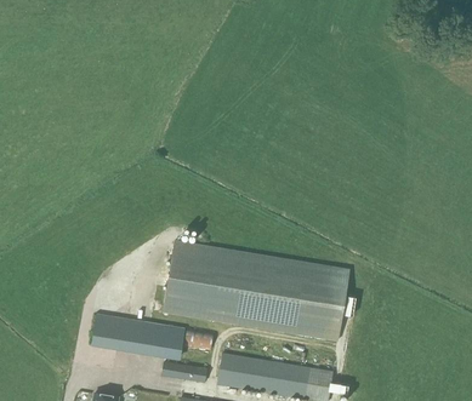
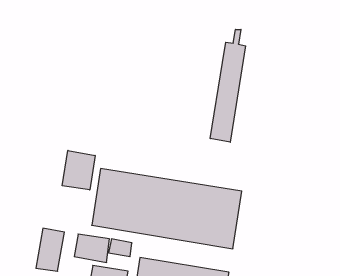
building: none -> [210,29,246,142]
building: none -> [62,150,95,190]

